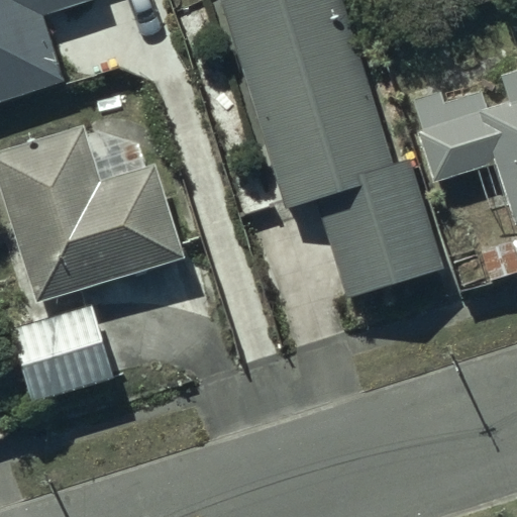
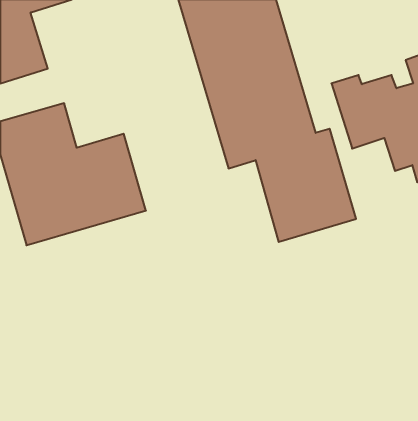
building: [11,305,113,401] -> none

